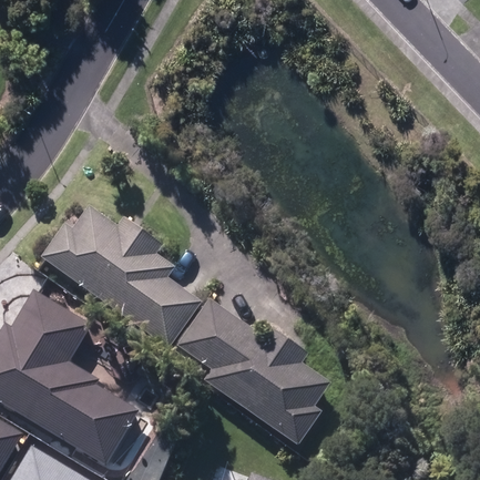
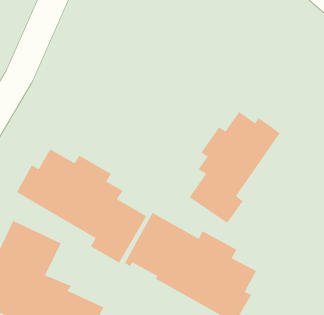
building: none -> [189,111,280,224]

